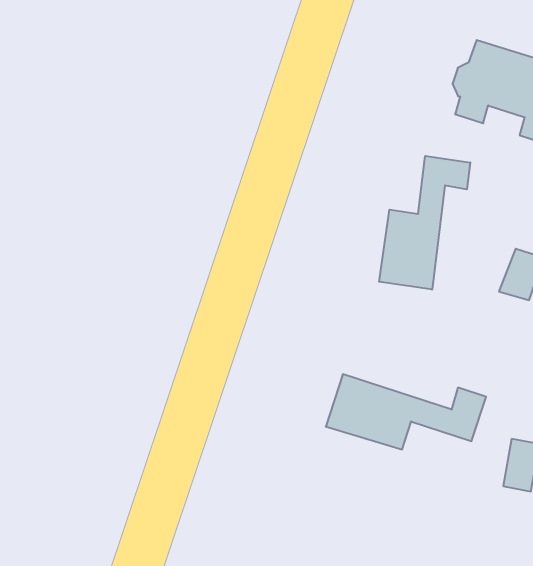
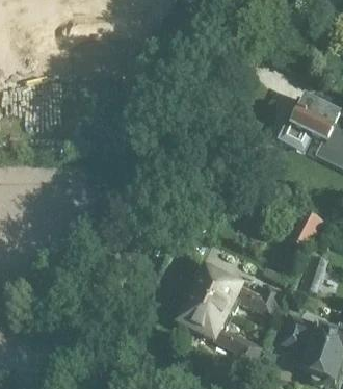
building: [379,156,470,290] -> none
building: none -> [177,293,258,366]

